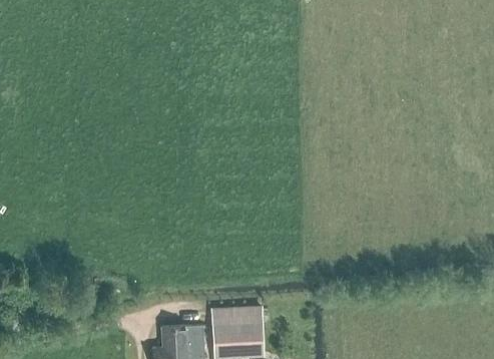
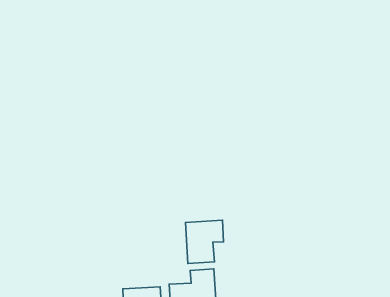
building: none -> [185,220,223,264]

